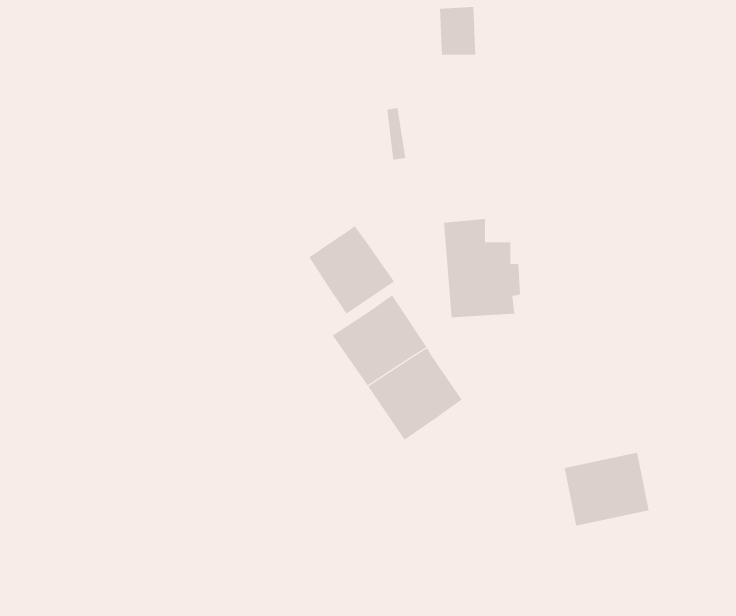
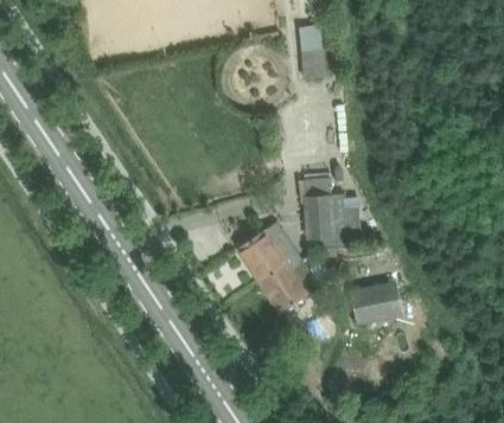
building: [308,225,395,315] -> none
building: [564,452,650,526] -> [350,281,402,326]

